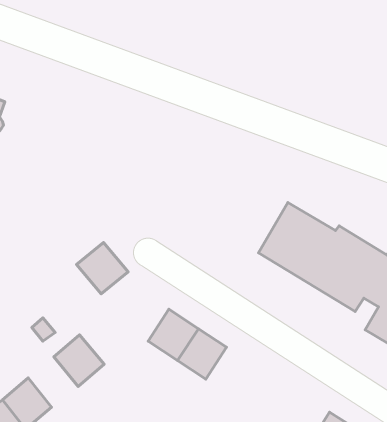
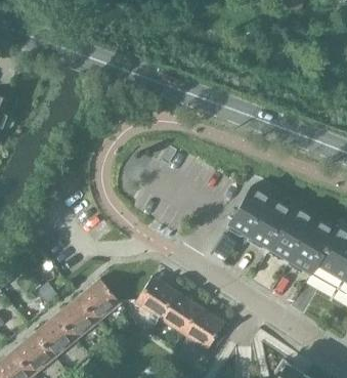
building: [77,242,128,294] -> [78,278,121,321]
building: none -> [183,306,225,348]
building: none -> [35,314,77,356]

